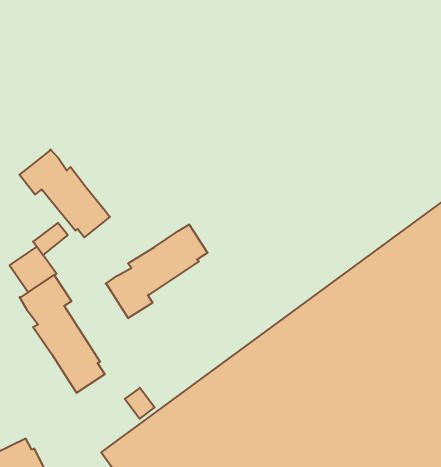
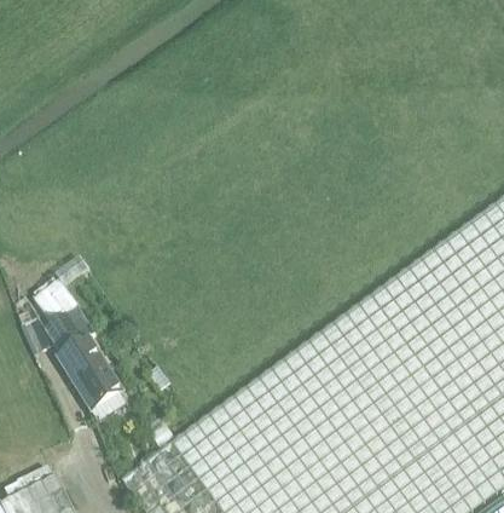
building: [19,149,110,237] -> none
building: [106,224,208,318] -> none

